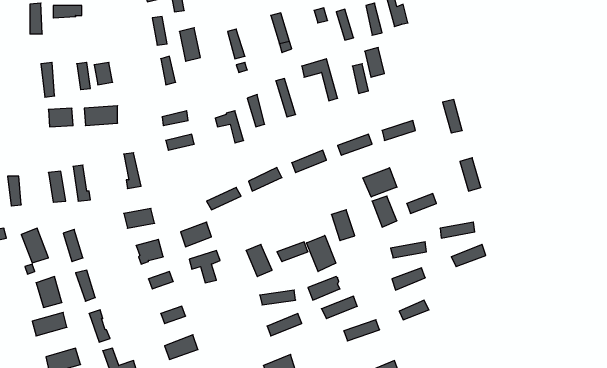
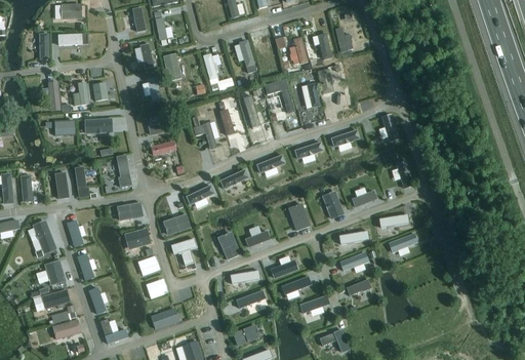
building: [363,168,397,197] -> none
building: [307,235,336,272] -> none

